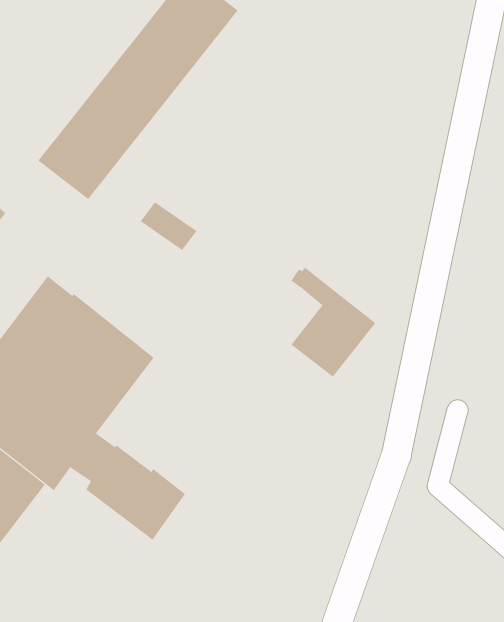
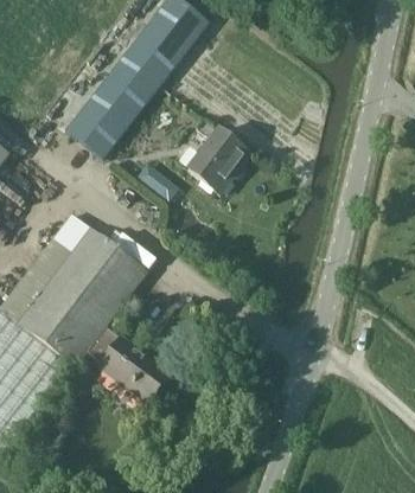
building: [290,267,376,378] -> [187,113,249,192]

